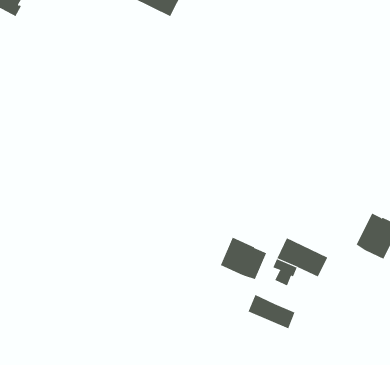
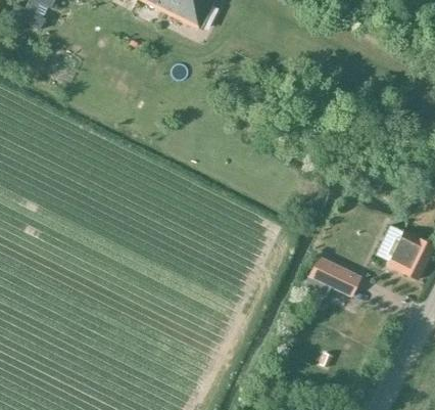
building: [220,237,267,280] -> none
building: [248,294,295,329] -> none

